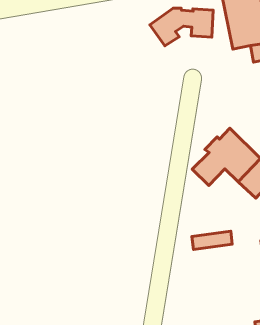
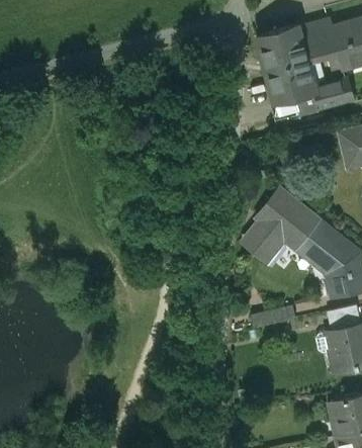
building: [150,8,213,46] -> none

